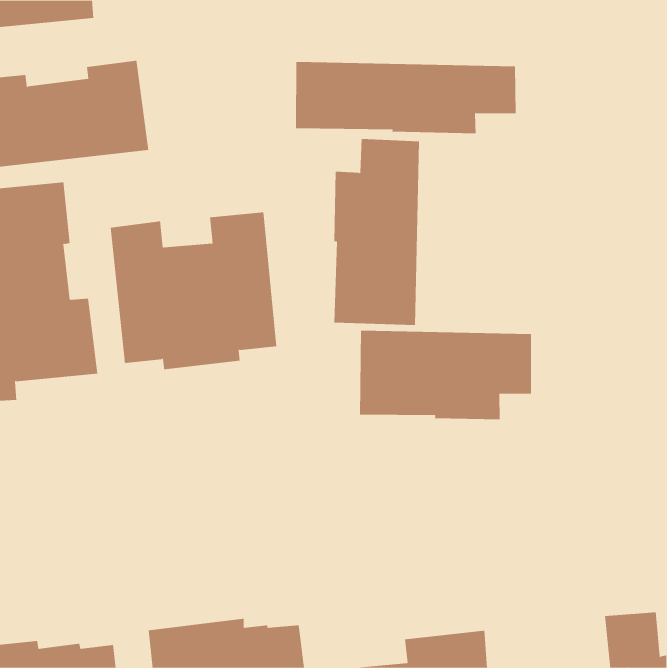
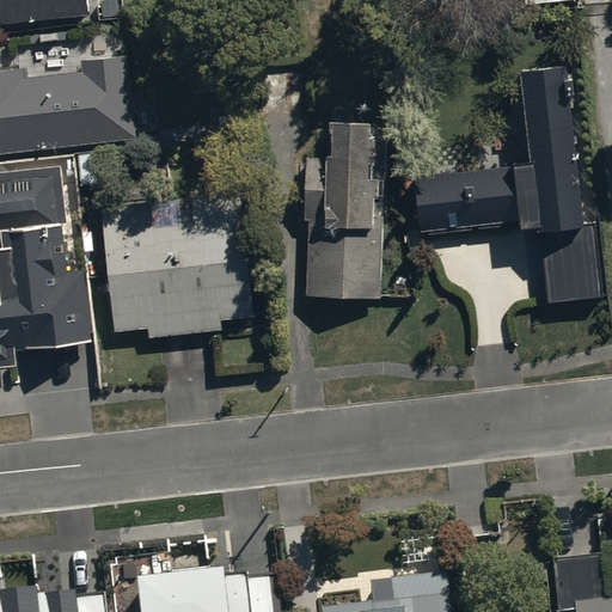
building: [295,61,516,134] -> none
building: none -> [412,67,599,301]
building: [360,330,532,420] -> none

